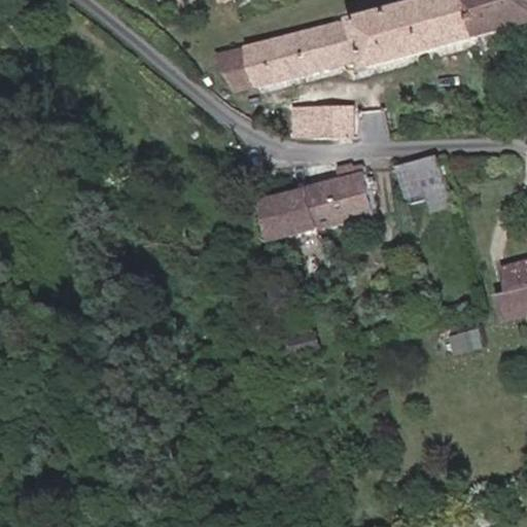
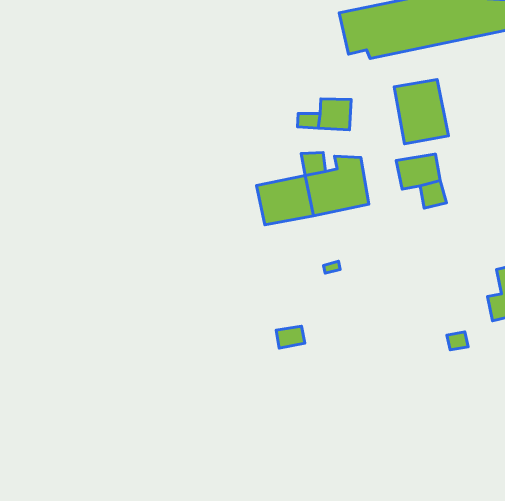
building: [215,23,345,90] -> none
building: none -> [394,79,449,144]

